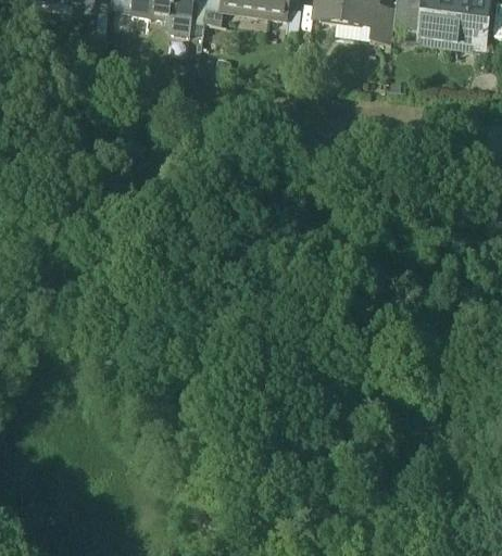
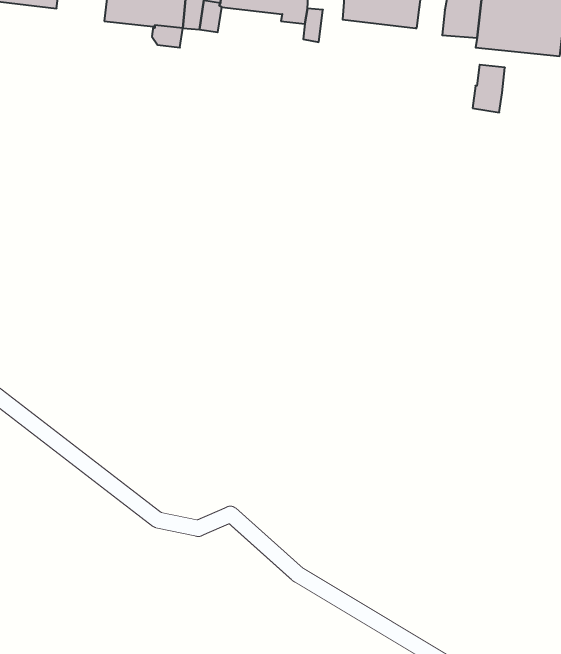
building: [368,7,393,43] -> [473,65,505,112]

